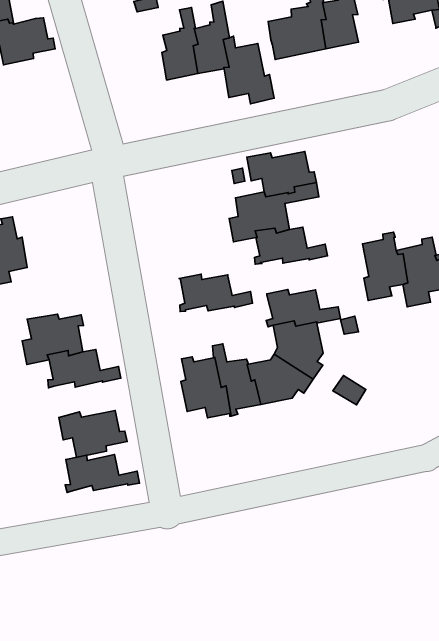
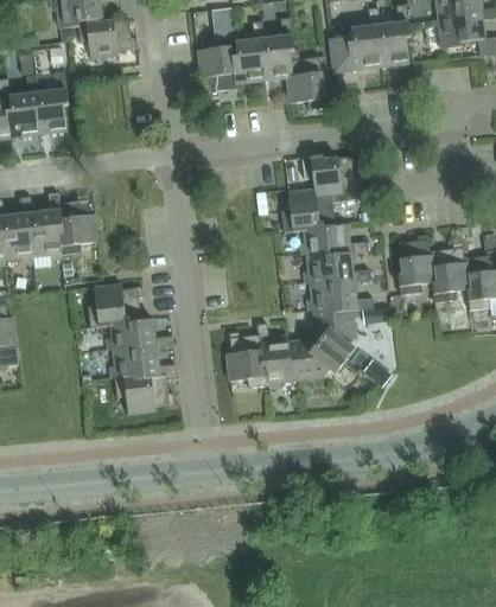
building: none -> [196,37,236,97]
building: [179,274,253,312] -> [304,250,369,283]
building: [65,454,139,493] -> [109,346,176,378]

